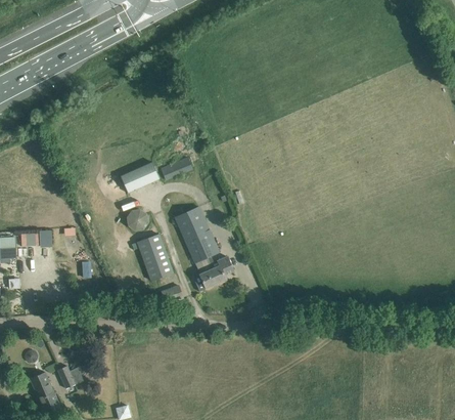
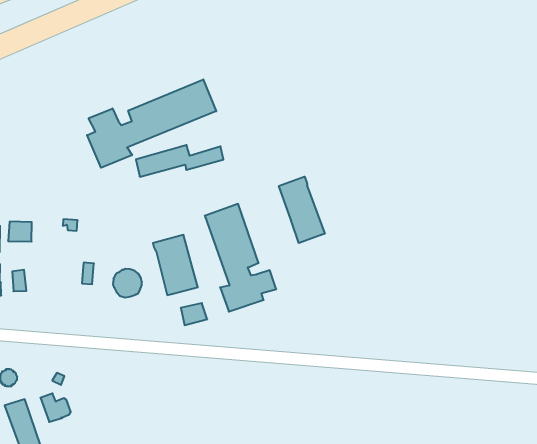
building: none -> [87,79,216,168]
building: none -> [279,177,325,243]
building: [126,208,148,230] -> [113,269,142,298]

